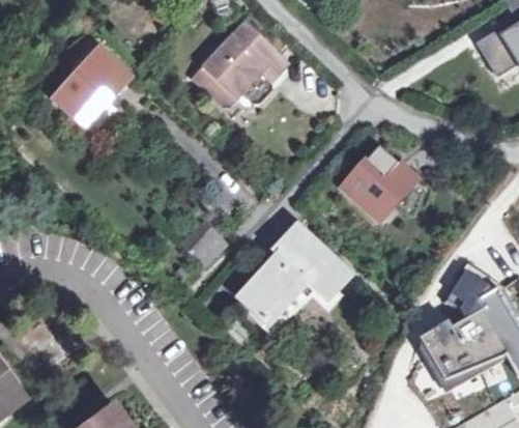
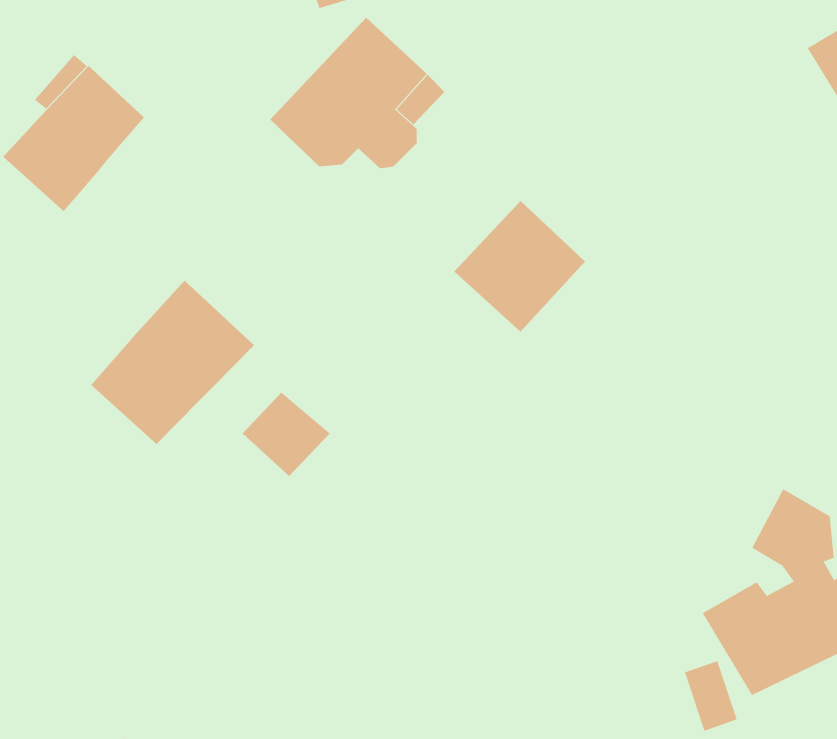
building: [344,149,413,219] -> [453,200,586,333]
building: none -> [89,280,255,445]
building: [238,226,351,325] -> none

